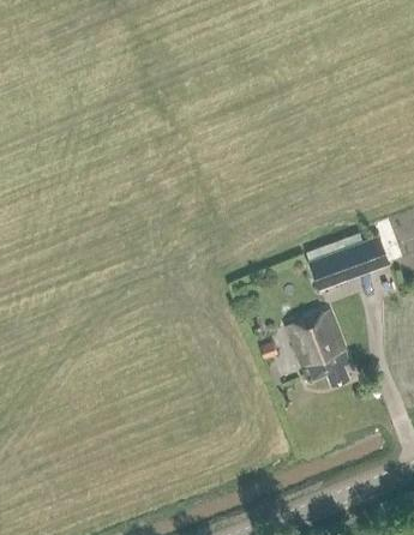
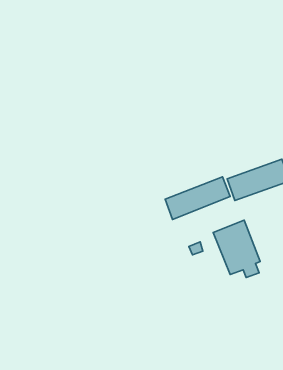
building: none -> [165,177,230,219]

